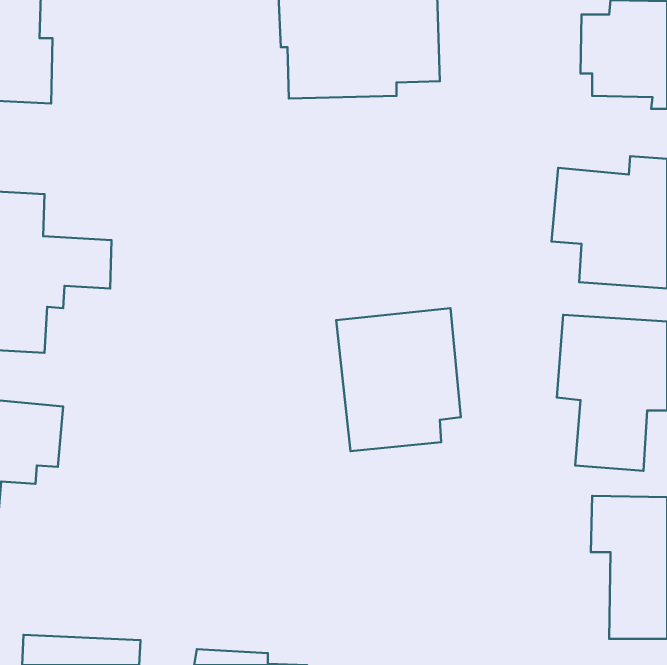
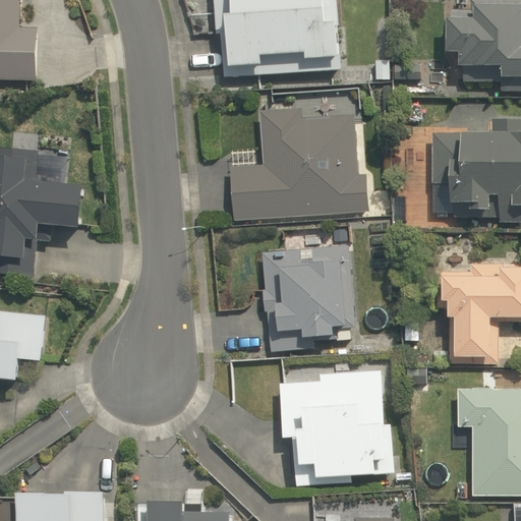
building: none -> [231,97,361,221]
building: none -> [287,372,398,484]

